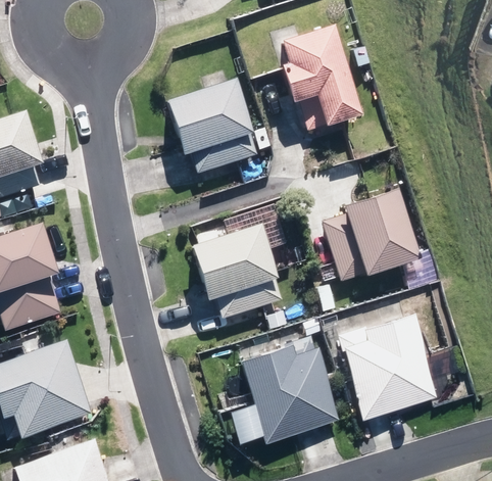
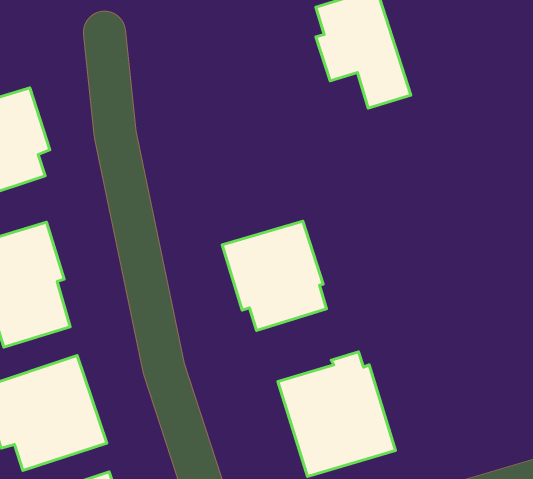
building: [168,79,258,174] -> none
building: [317,187,415,281] -> none
building: [333,312,432,420] -> none

